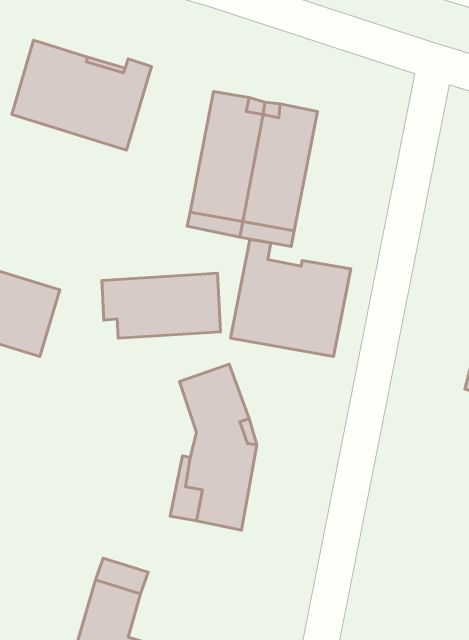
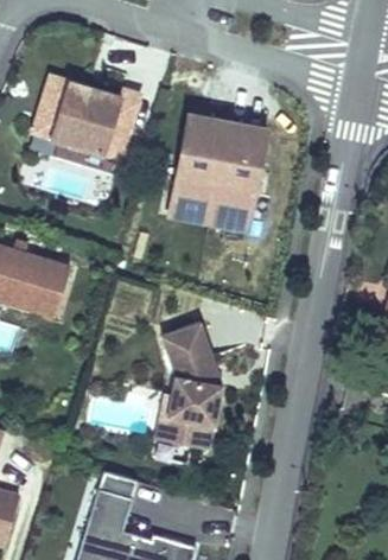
building: [230,240,351,356] -> none
building: [102,273,221,338] -> none

